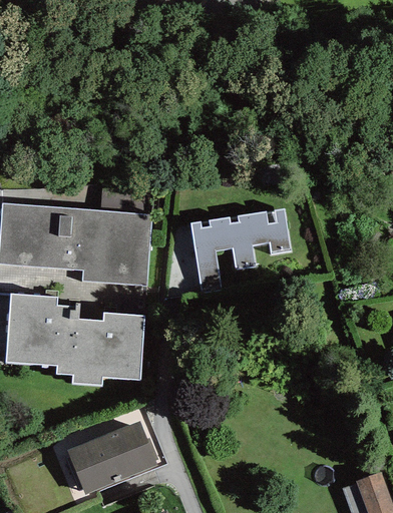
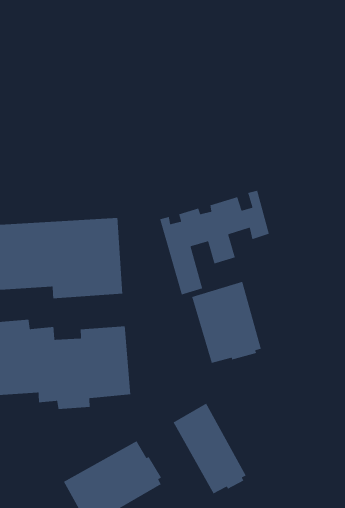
building: none -> [191,281,262,364]
building: none -> [172,403,247,495]

